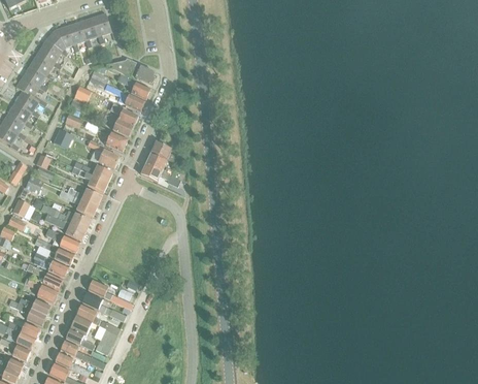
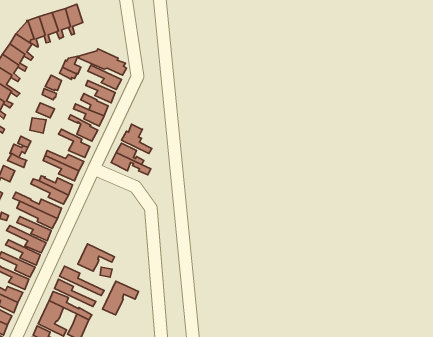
building: none -> [78,244,114,271]
building: none -> [103,281,138,315]

